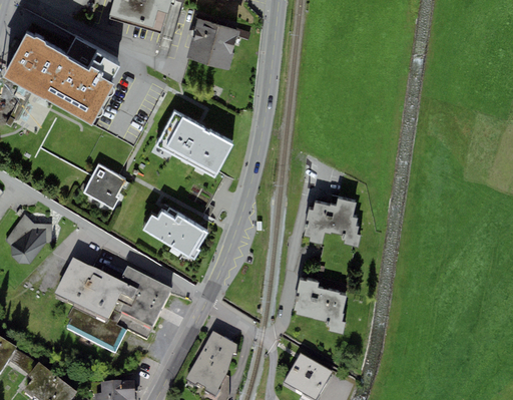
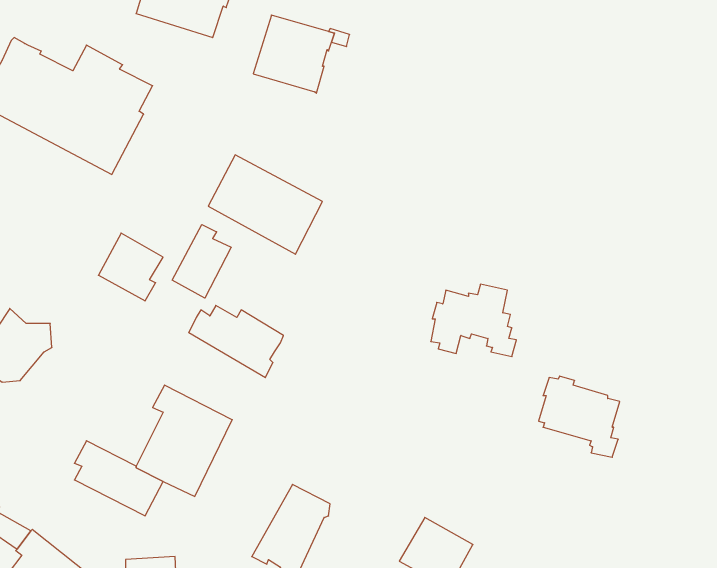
building: none -> [172,225,231,298]
building: [54,257,126,319] -> none
building: [294,280,348,334] -> [539,376,620,457]

